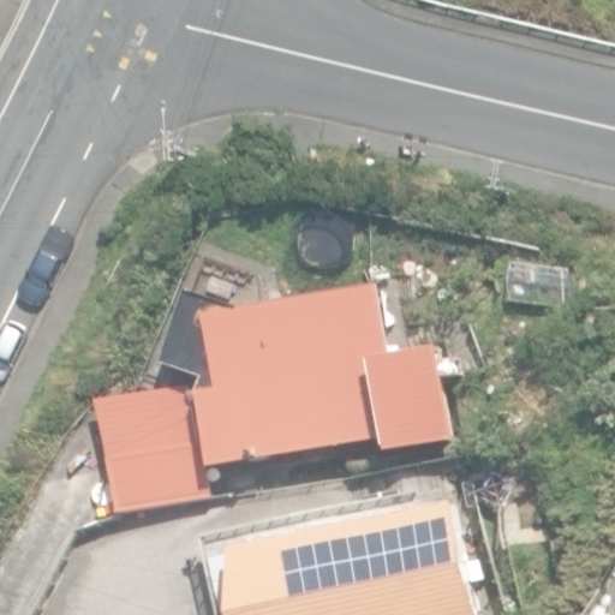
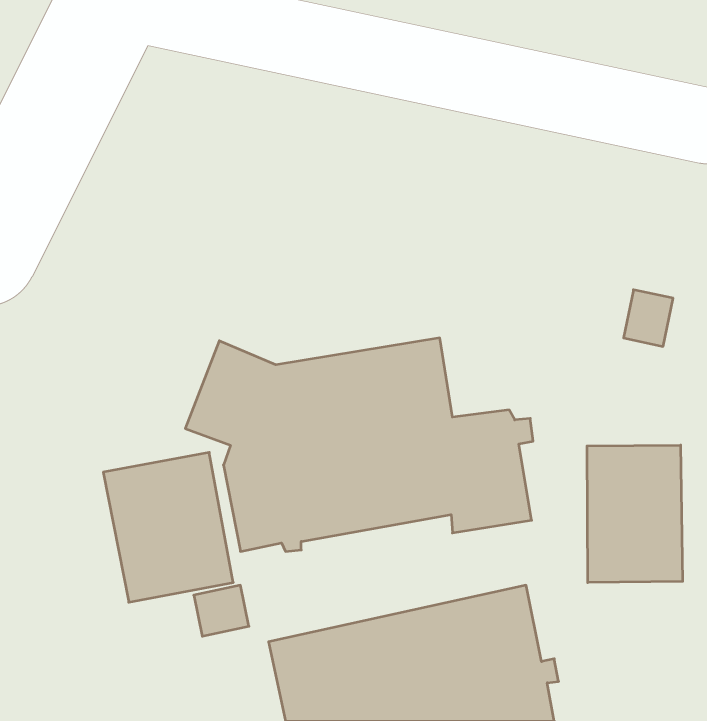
building: none -> [587,445,683,583]

